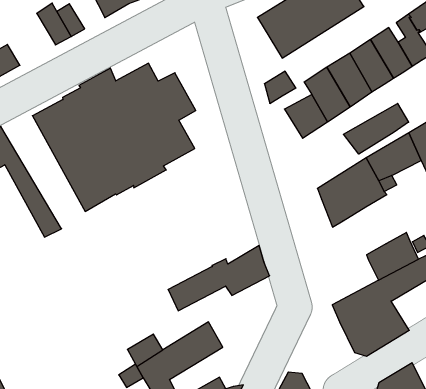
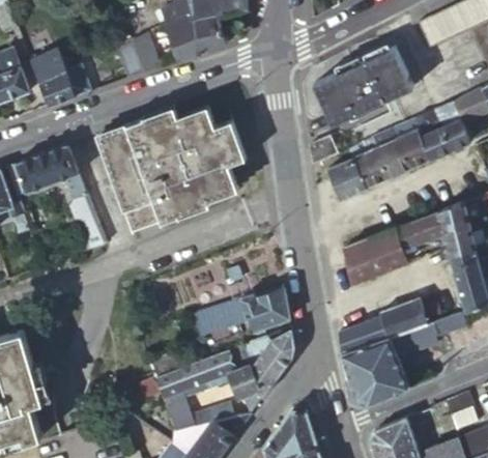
building: [343,103,409,154] -> none
building: none -> [340,318,389,353]
building: none -> [228,330,294,399]

